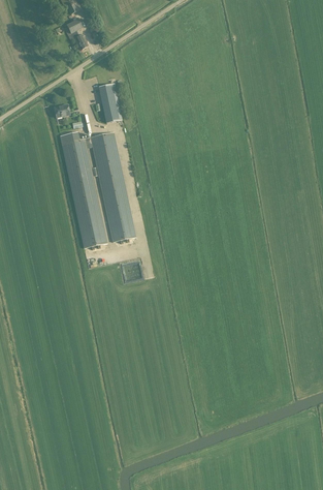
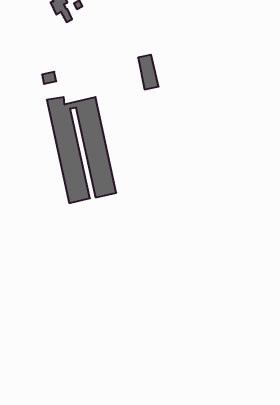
building: [99,83,122,121] -> [138,55,159,89]

